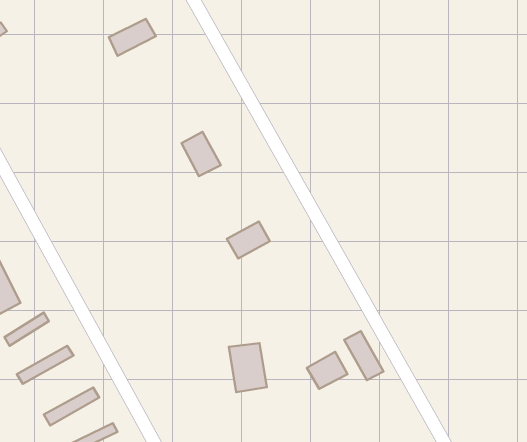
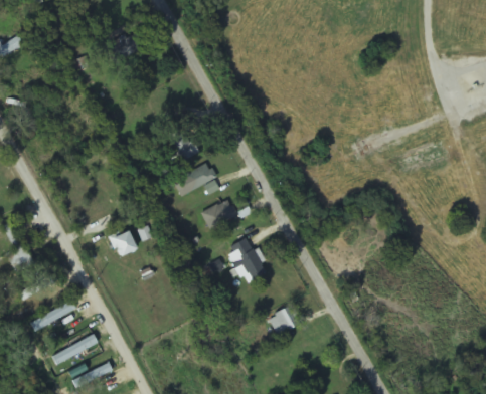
building: none -> [183,162,216,190]
building: none -> [111,230,136,256]
building: [344,331,383,380] -> none
building: [229,343,267,392] -> [229,240,261,280]

